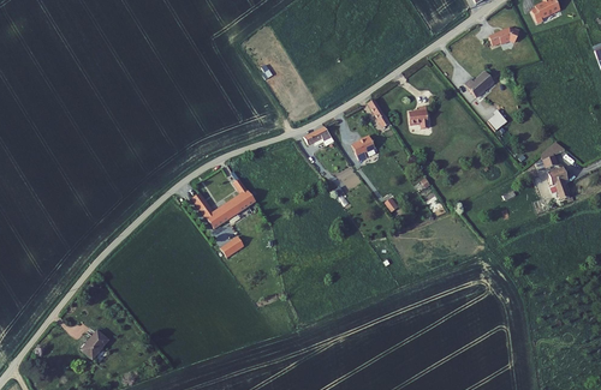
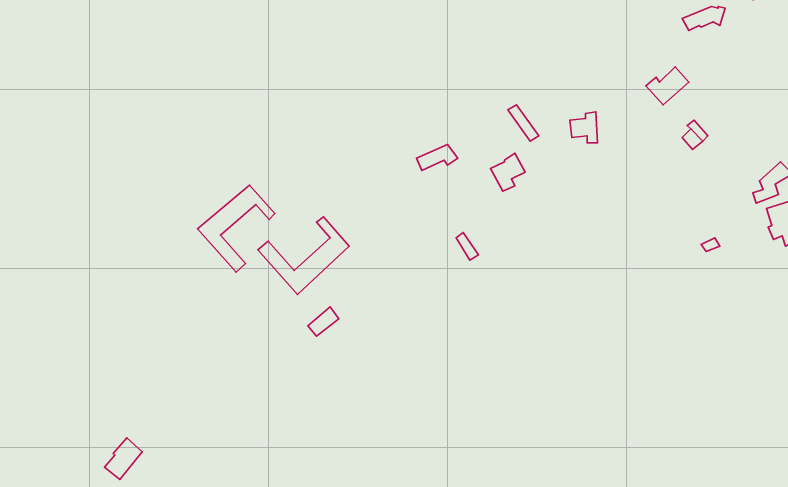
building: none -> [198,185,275,272]

